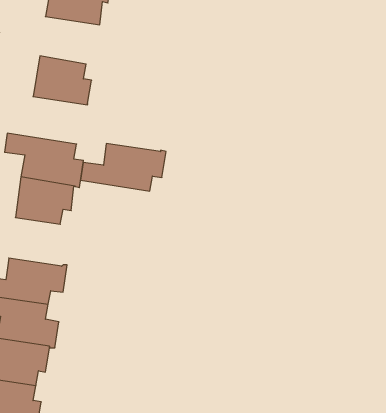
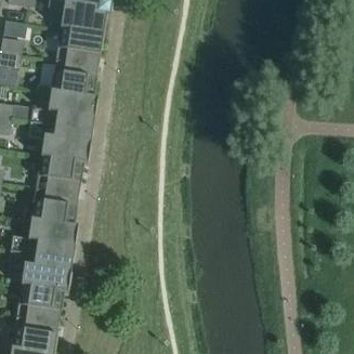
building: none -> [56,27,104,65]
building: [80,144,166,191] -> [30,91,99,129]
building: none -> [31,187,77,226]

